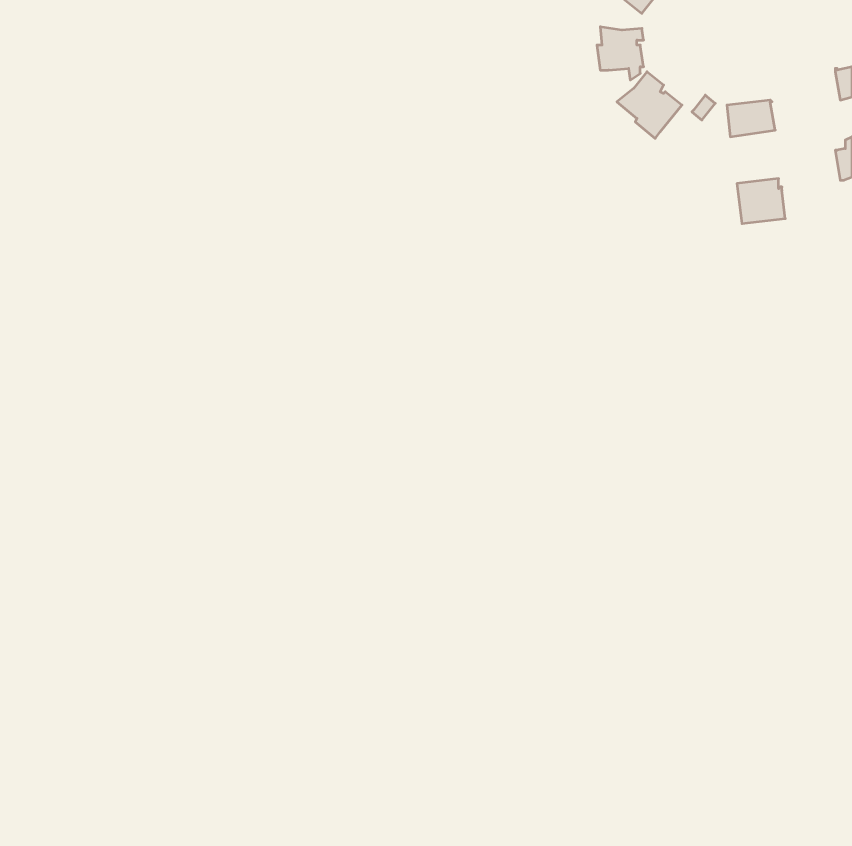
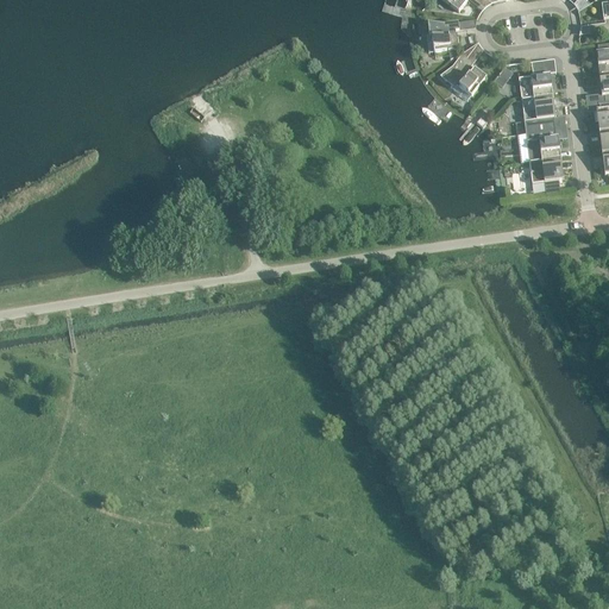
building: none -> [521,93,555,131]
building: none -> [529,156,564,181]

